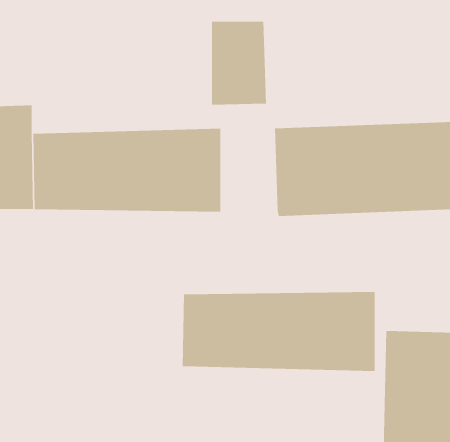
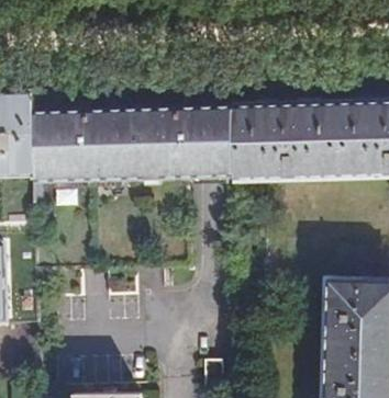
building: [211,21,267,105] -> [189,109,234,177]
building: [182,291,375,372] -> none

